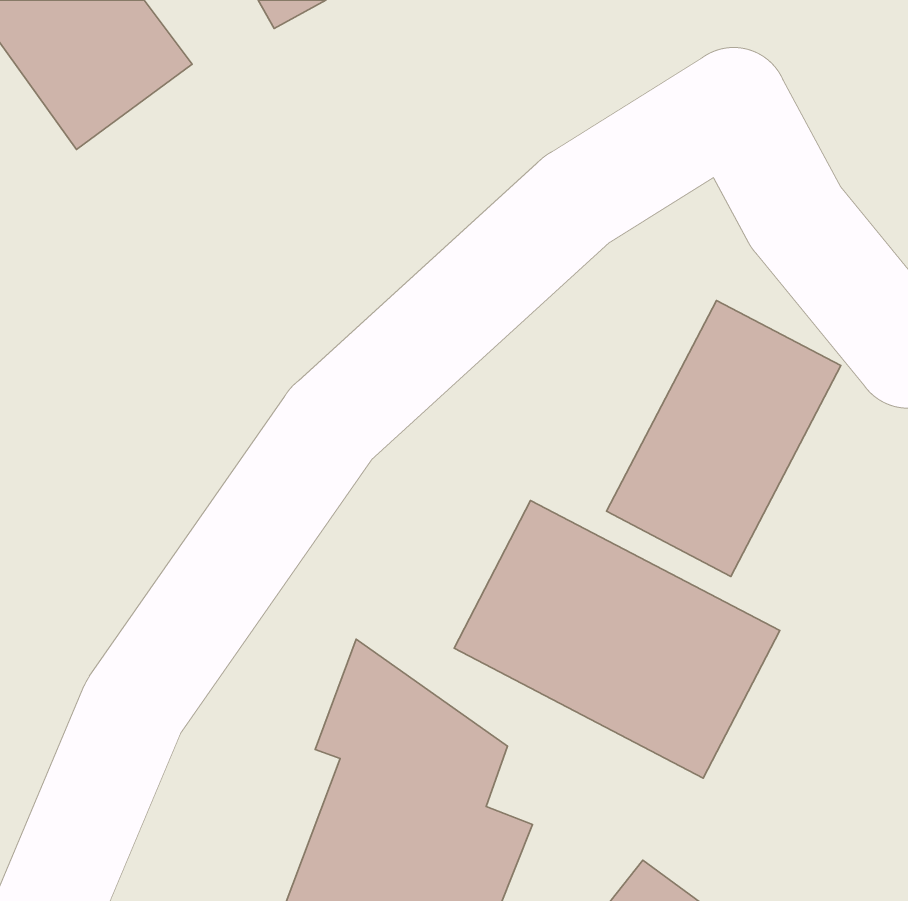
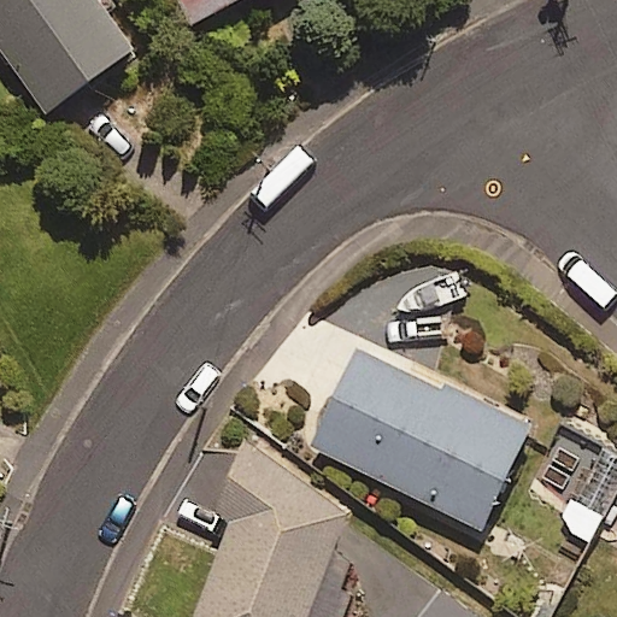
building: [607,300,841,577] -> none

